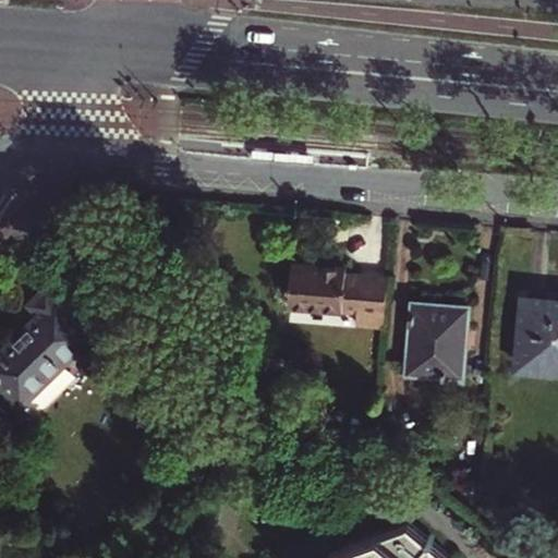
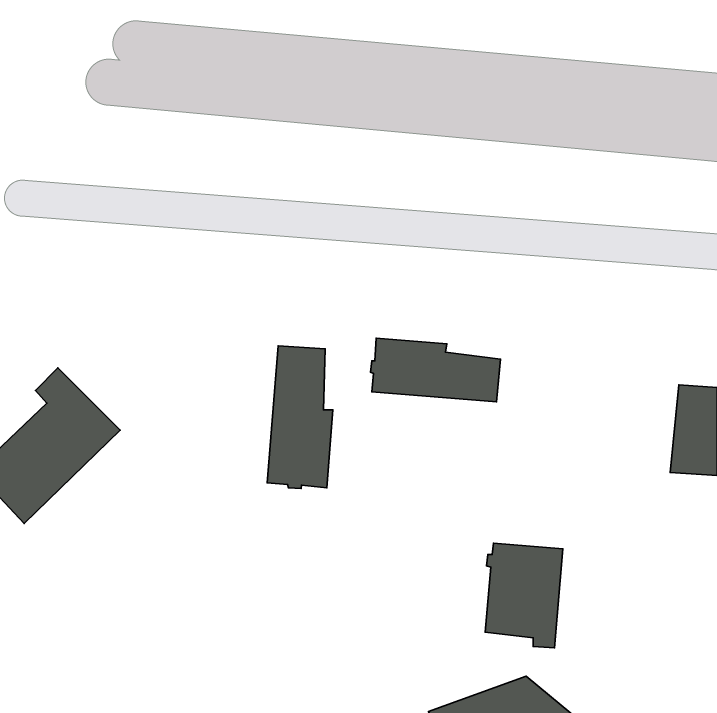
building: none -> [267,346,333,488]
building: [404,308,464,389] -> [485,543,563,648]

